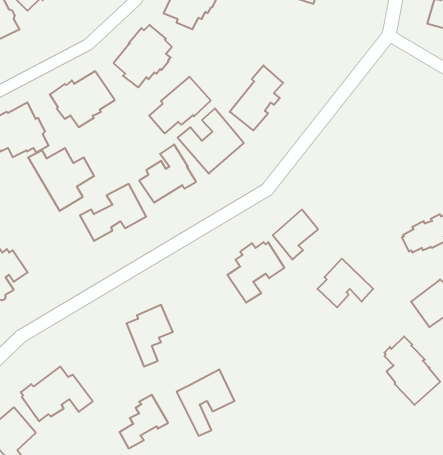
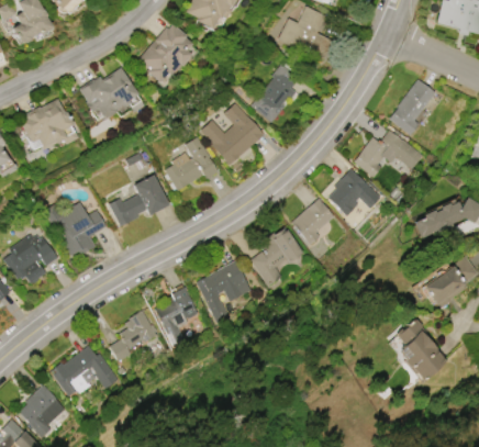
building: none -> [279,8,334,63]
building: [149,77,211,133] -> none
building: none -> [389,80,436,136]
building: none -> [355,131,425,178]
building: [28,148,94,211] -> [44,201,107,260]
building: [317,259,373,307] -> [328,170,381,216]
building: [177,370,235,436] -> [194,261,249,324]
building: [119,395,168,448] -> [111,312,157,362]

